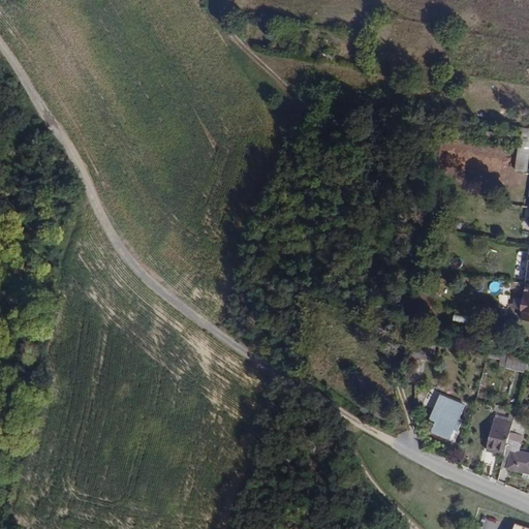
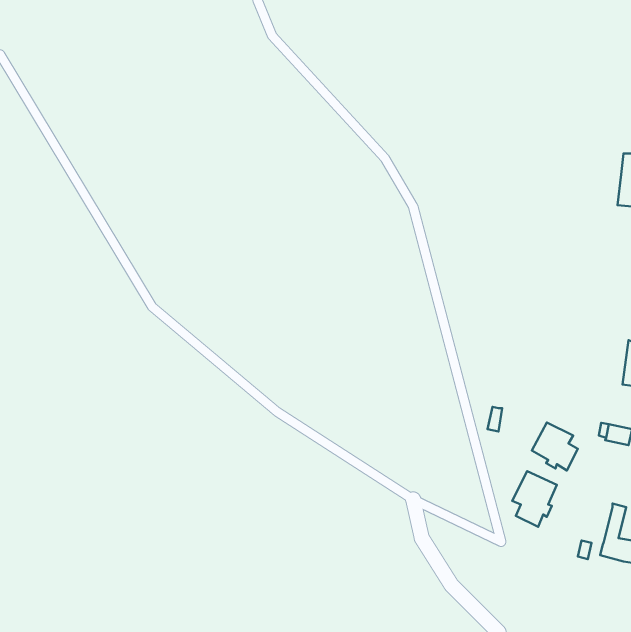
building: none -> [532,422,578,470]
building: [488,422,512,453] -> none

